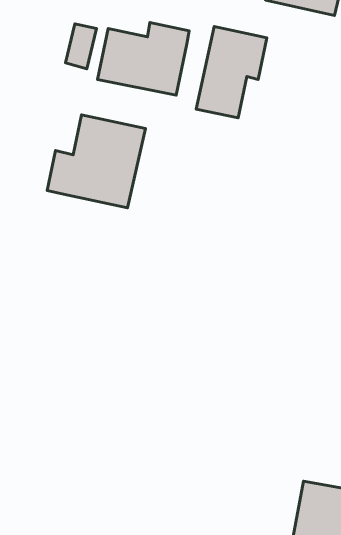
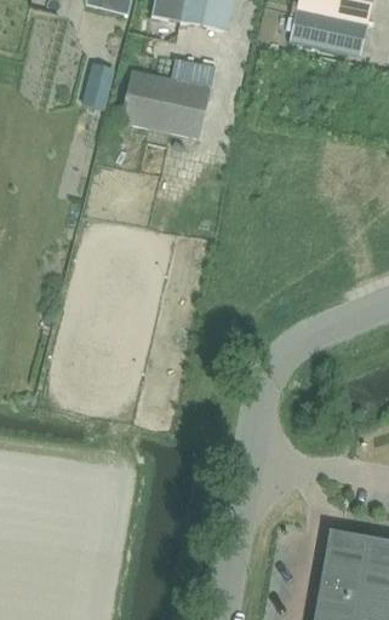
building: [196,27,267,118] -> none
building: [47,115,145,208] -> none

